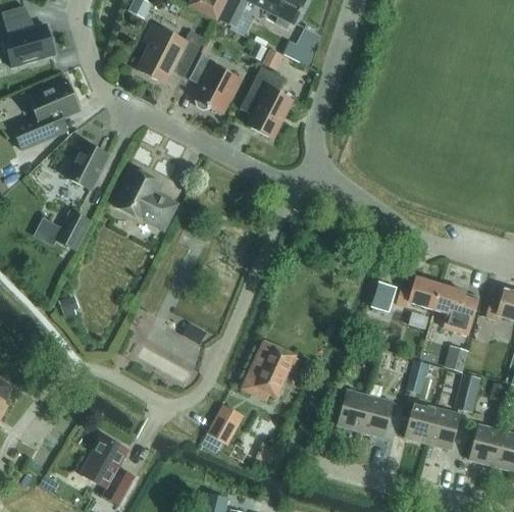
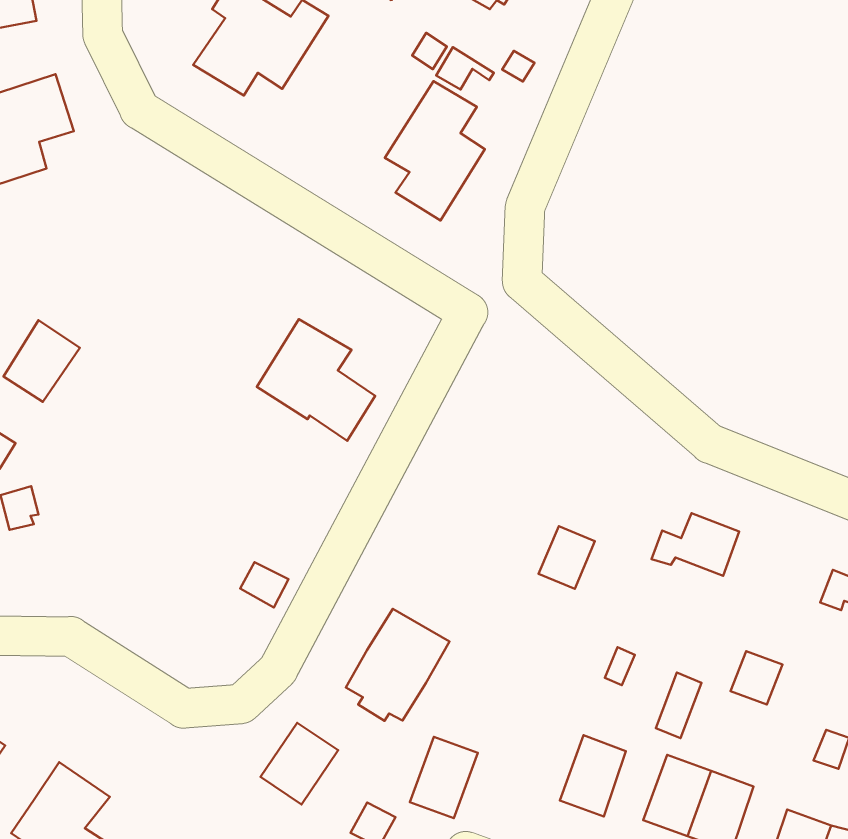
building: [190,53,240,112] -> none
building: [66,142,109,189] -> none
building: [115,168,176,228] -> [257,319,375,441]
building: [370,280,398,312] -> [538,526,595,589]
building: [434,284,477,334] -> none
building: [455,372,481,412] -> none
building: [338,390,370,430] -> [410,737,478,818]

